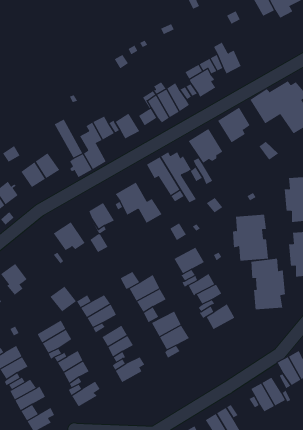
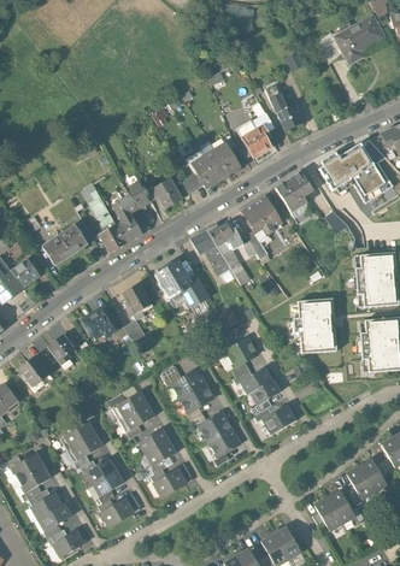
building: [251,258,285,310] -> none
building: [50,286,77,312] -> [46,334,78,365]

